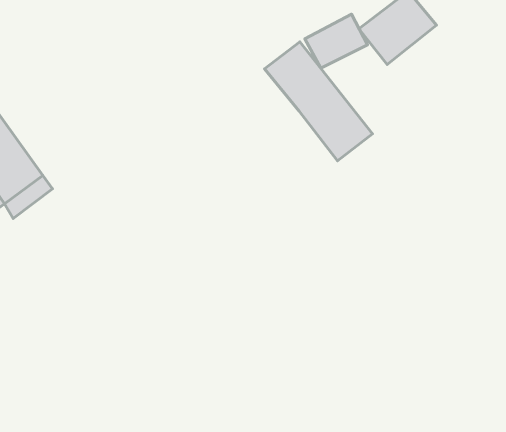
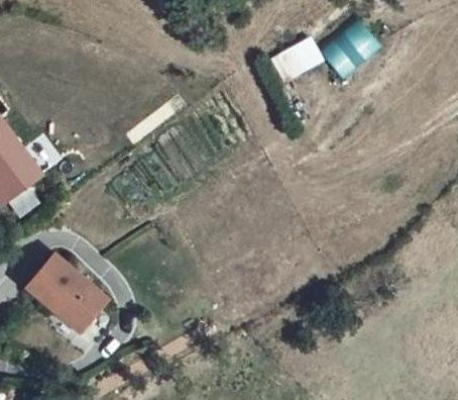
building: [265,42,373,161] -> none
building: none -> [24,255,105,332]

